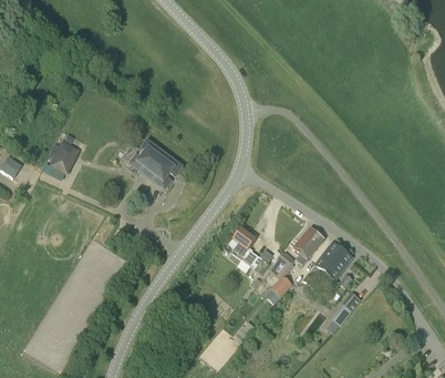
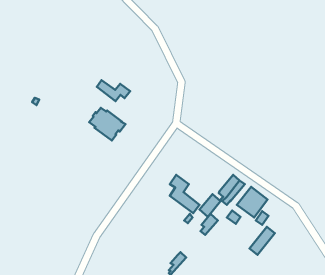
building: none -> [97,80,130,101]
building: [46,140,80,174] -> none

